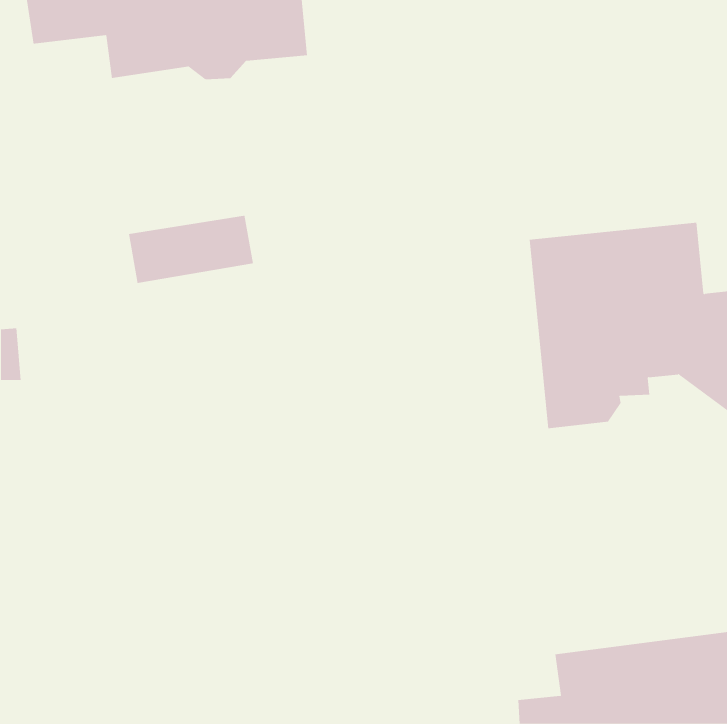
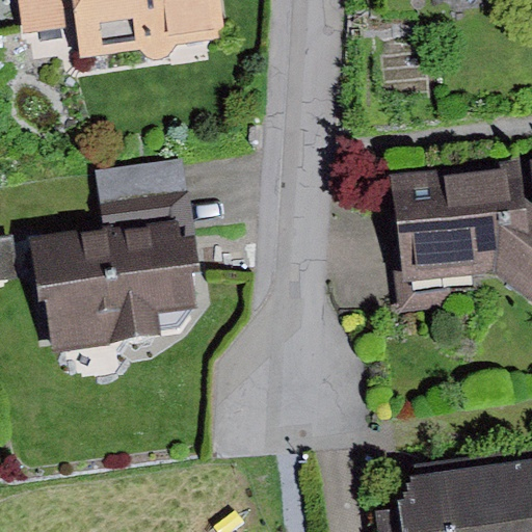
building: none -> [34,222,196,349]

